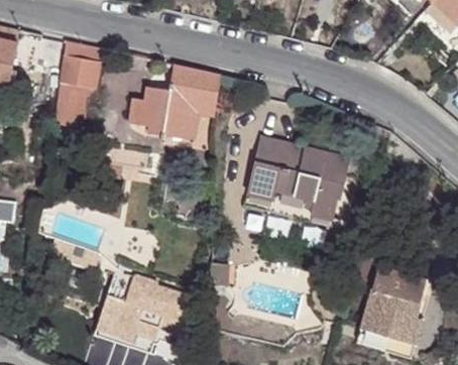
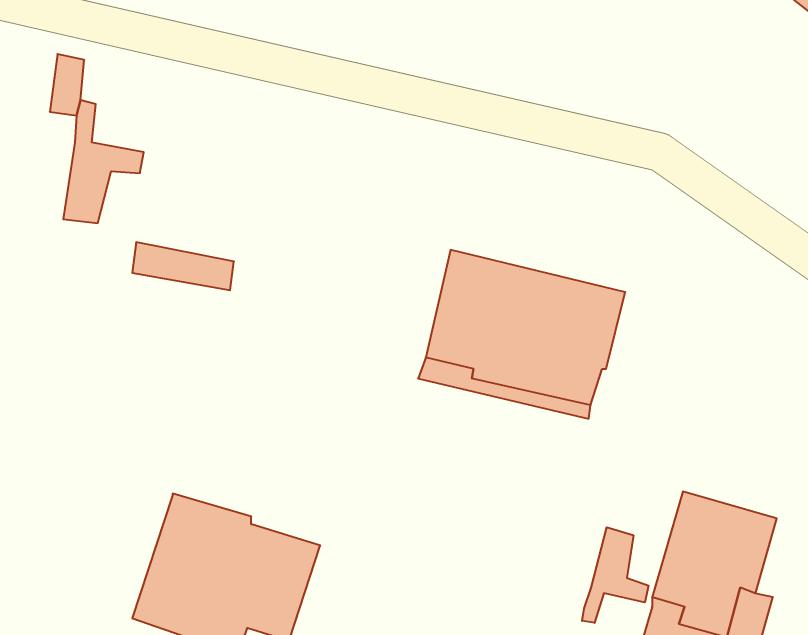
building: [70,40,102,88] -> none
building: [139,64,222,131] -> none
building: none -> [582,527,649,623]

